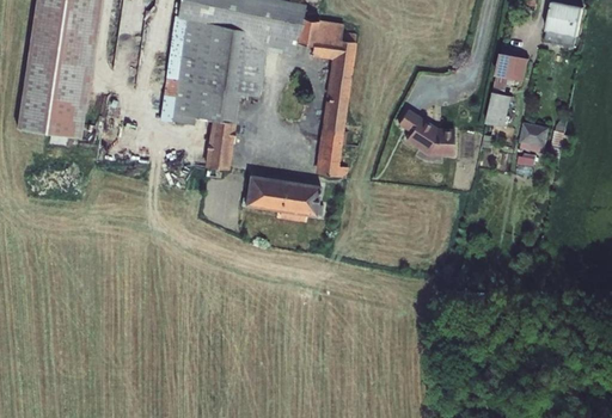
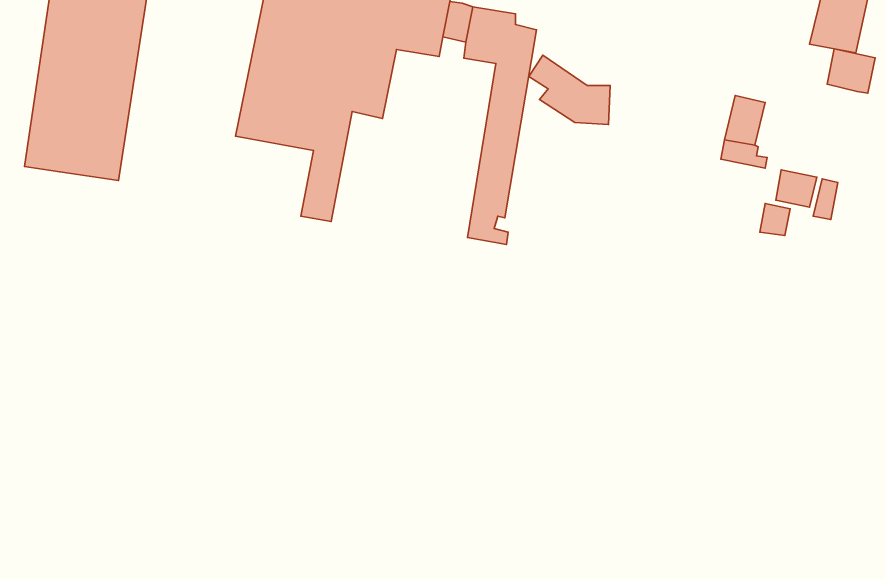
building: [496,55,528,85] -> [827,49,875,93]
building: [398,109,453,155] -> [529,55,610,124]
building: [234,174,318,225] -> none

